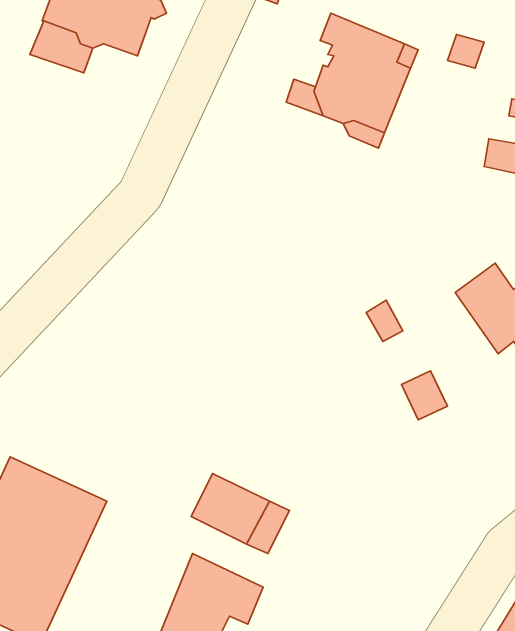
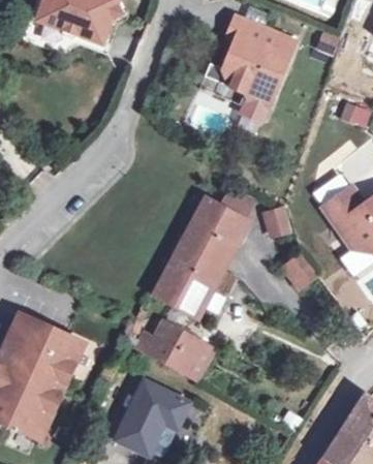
building: none -> [148,194,249,324]

